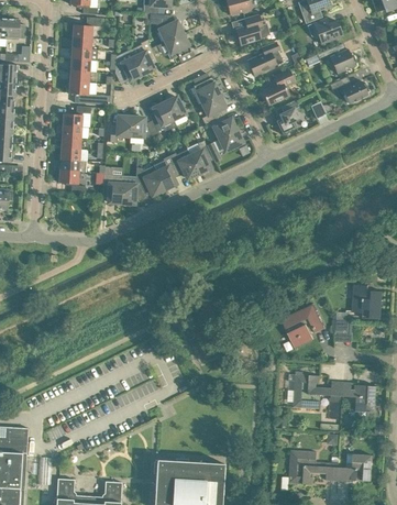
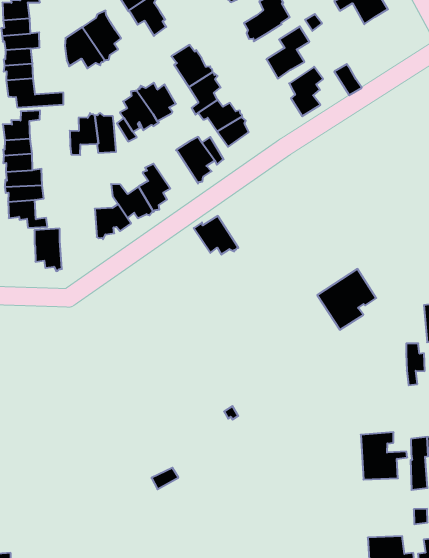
building: [329,76,370,103] -> none
building: [169,150,200,178] -> [194,216,238,255]
building: [102,174,123,206] -> [34,229,62,271]
building: [282,305,324,348] -> [317,269,376,330]

